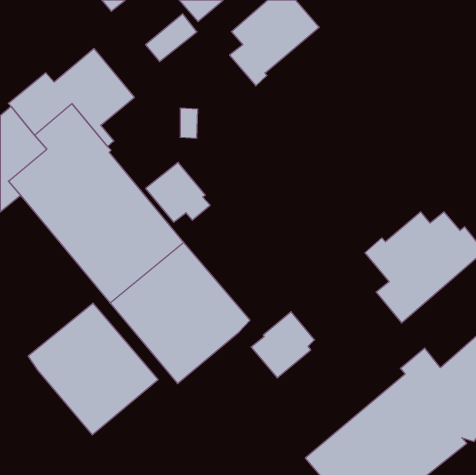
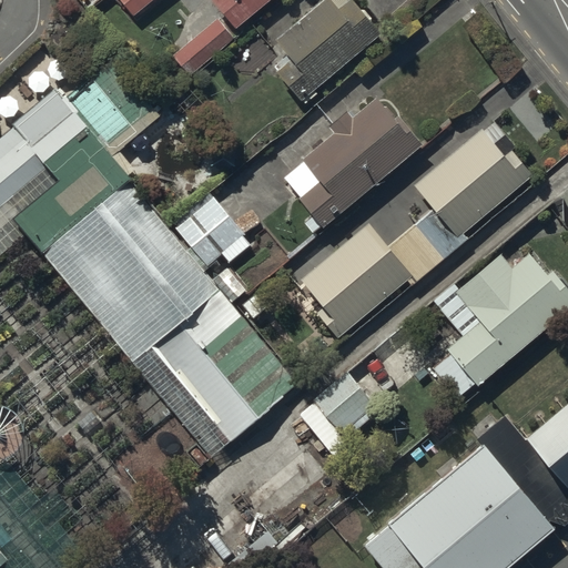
building: none -> [285,98,418,234]
building: none -> [302,129,532,339]
building: [28,303,158,435] -> none

